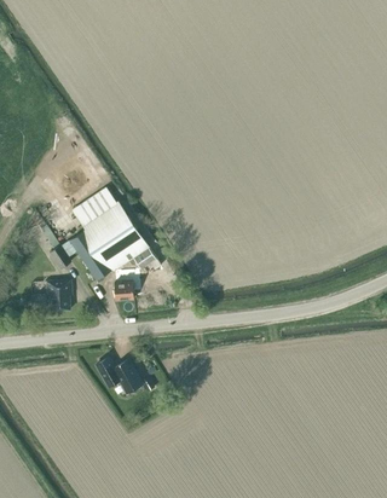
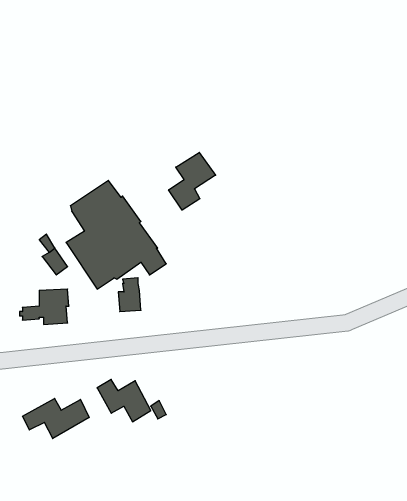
building: none -> [169,152,216,210]
building: none -> [23,398,89,439]

